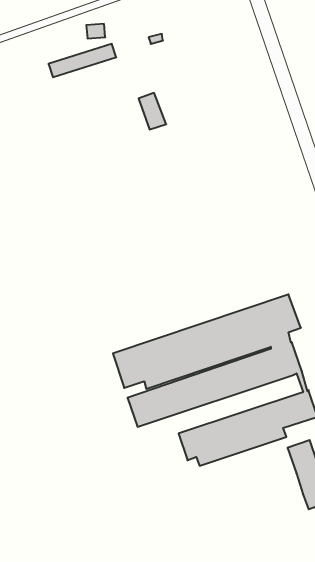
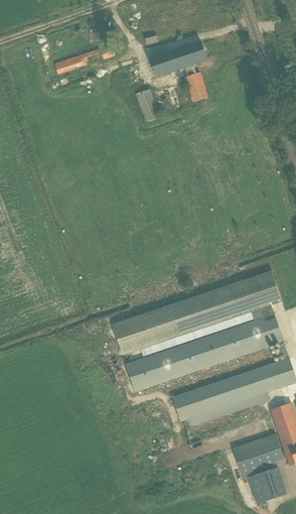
building: none -> [149,41,207,101]
building: none -> [233,432,286,504]

